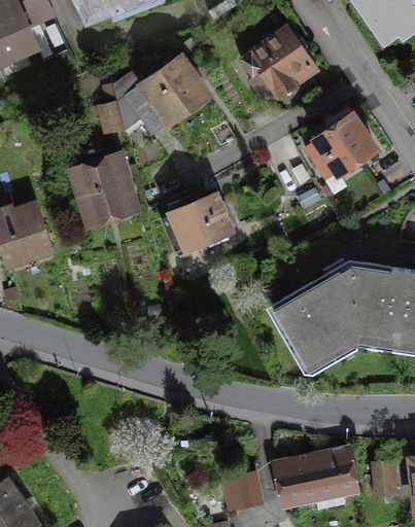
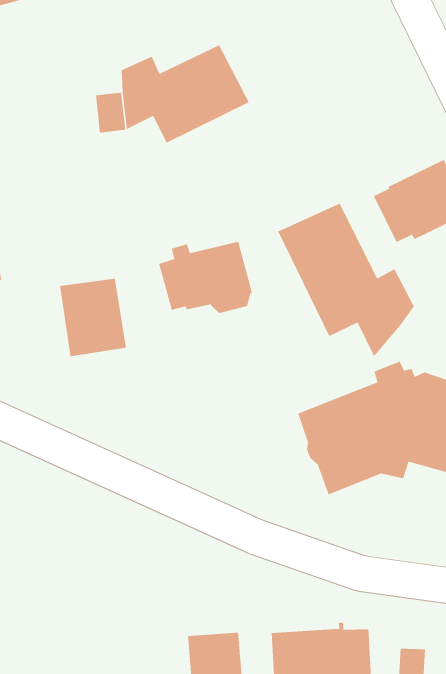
building: [242,28,315,96] -> none
building: none -> [277,202,415,358]
building: [77,161,132,221] -> [59,278,127,357]

